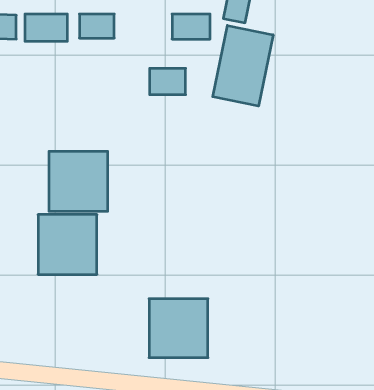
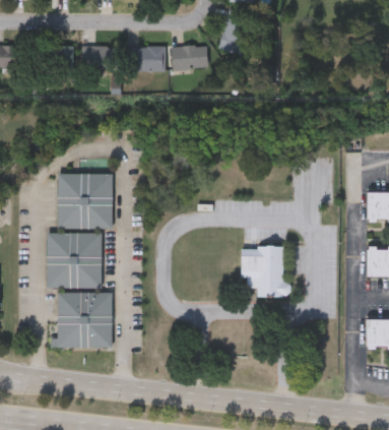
building: [213,25,273,106] -> none
building: [150,68,186,95] -> [131,47,165,71]
building: none -> [242,246,290,297]
building: [149,299,208,358] -> [57,293,112,348]

